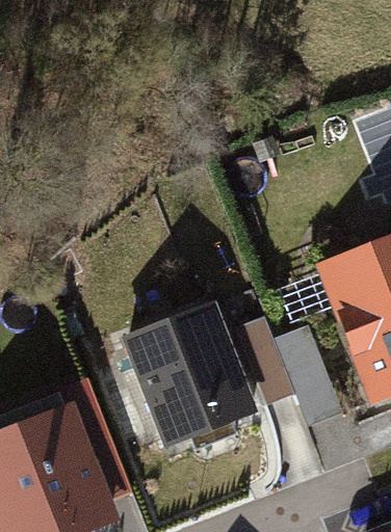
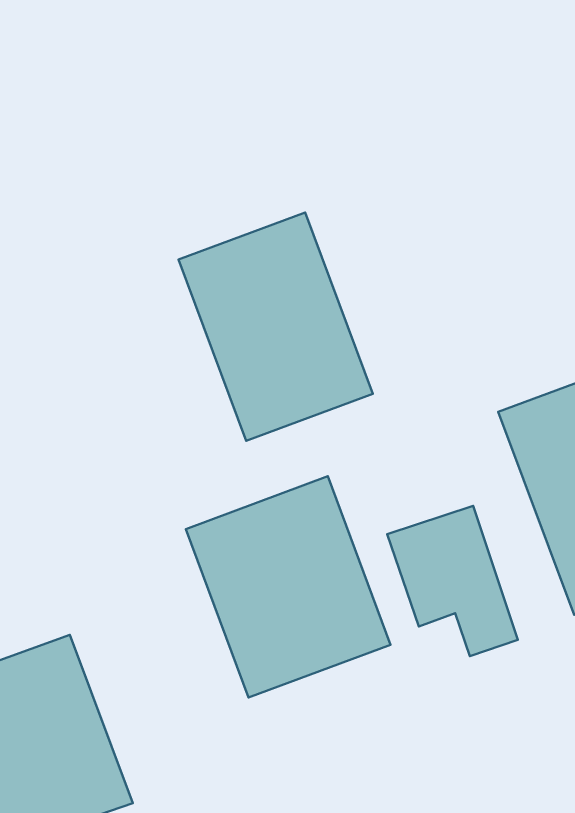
building: none -> [179,212,373,441]

